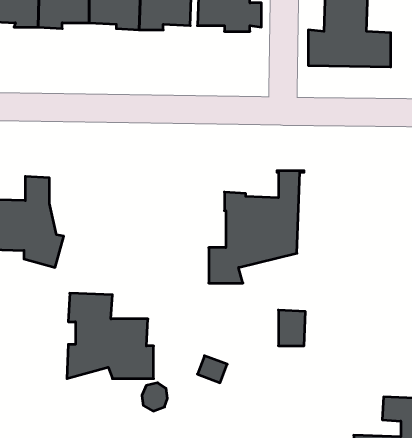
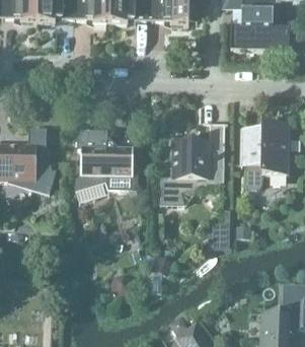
building: none -> [241,124,291,189]
building: [67,293,154,379] -> [75,128,137,189]

